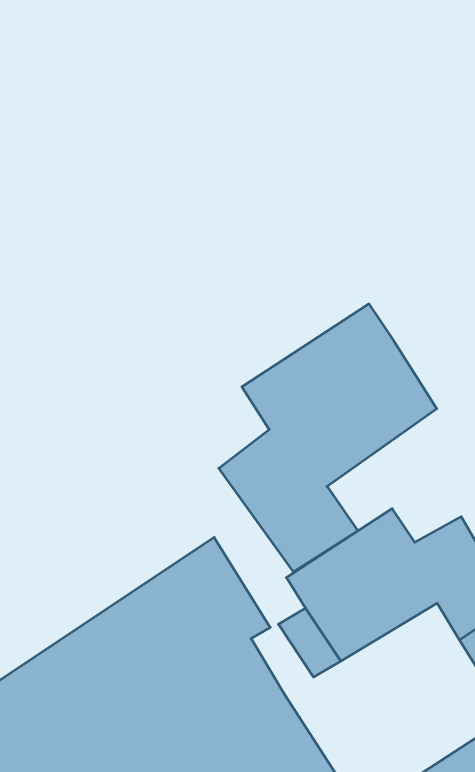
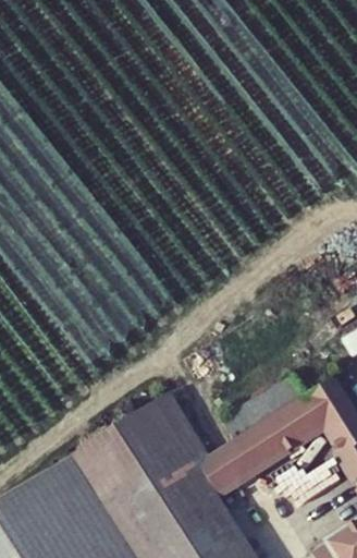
building: [219,304,437,572] -> none
building: none -> [195,453,237,501]

